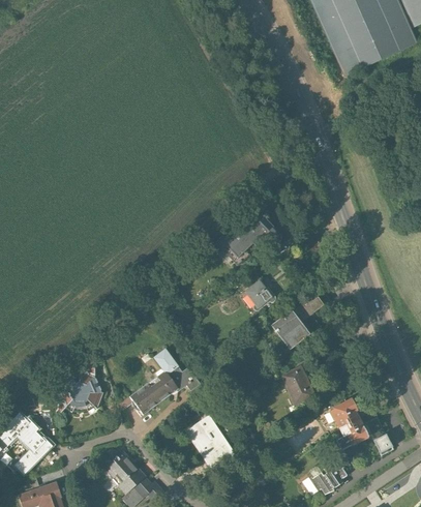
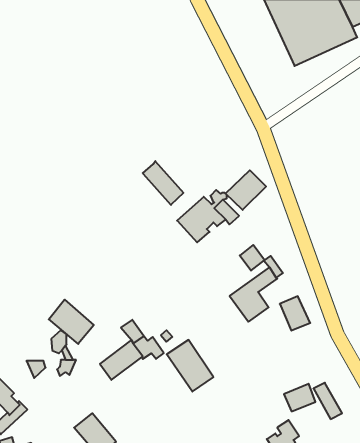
building: none -> [143,161,183,205]
building: none -> [225,170,266,210]
building: [246,280,273,308] -> [240,245,264,271]
building: none -> [49,300,94,344]
building: [282,366,315,404] -> [280,296,310,331]
building: [324,399,358,429] -> none
building: [185,415,236,471] -> [167,340,213,392]

